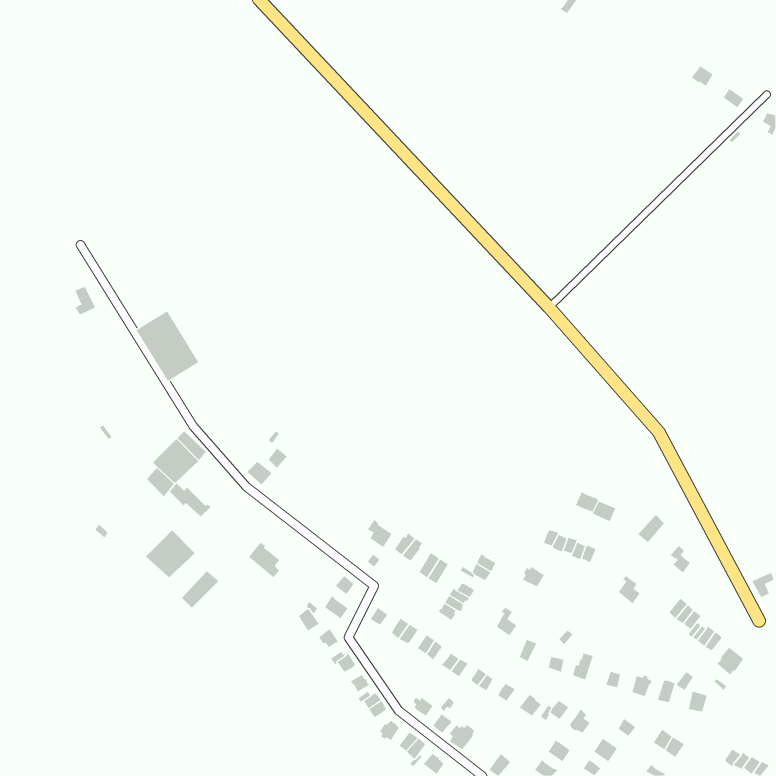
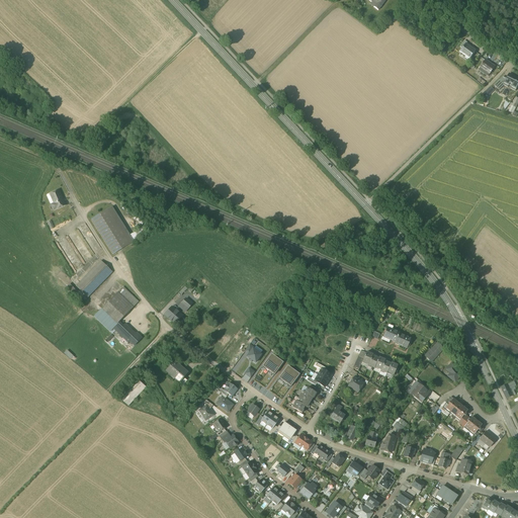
building: none -> [75,260,111,296]
building: [145,529,196,578] -> none

